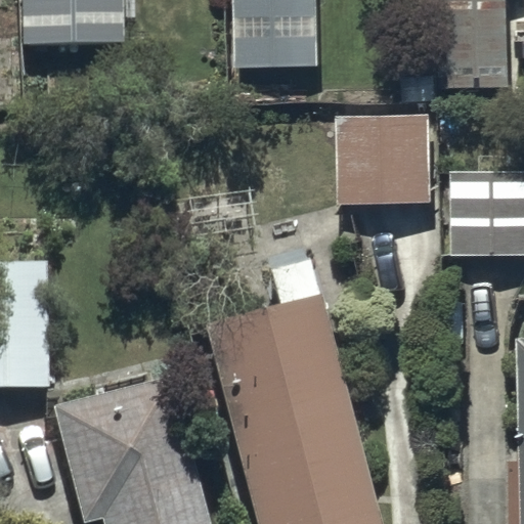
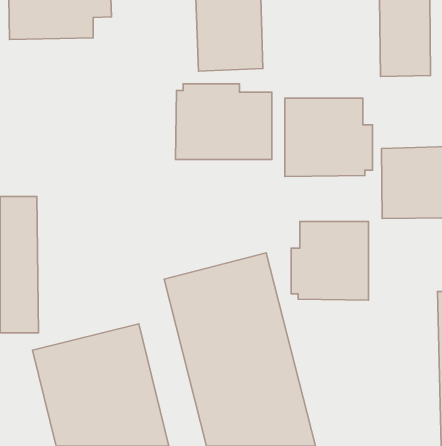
building: none -> [176,84,272,160]
building: none -> [291,222,368,300]

